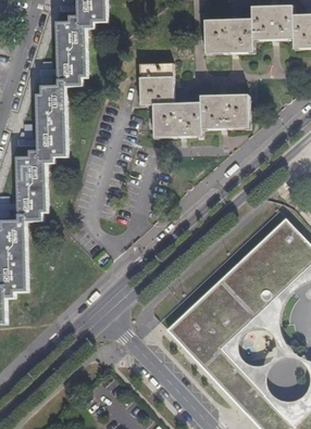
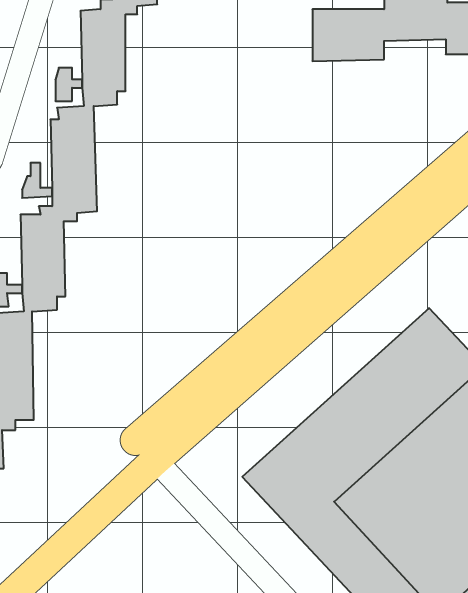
building: [139,63,247,139] -> none

